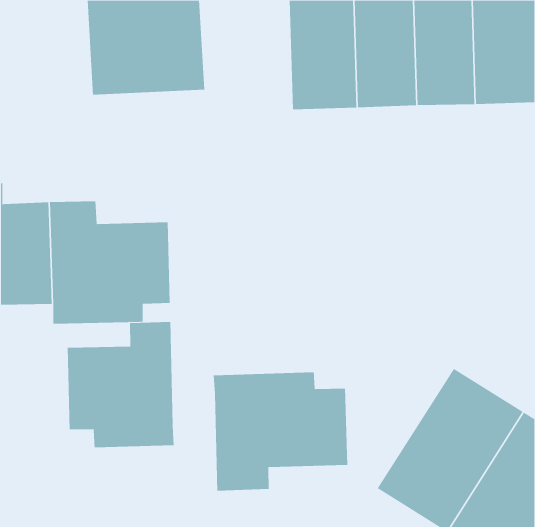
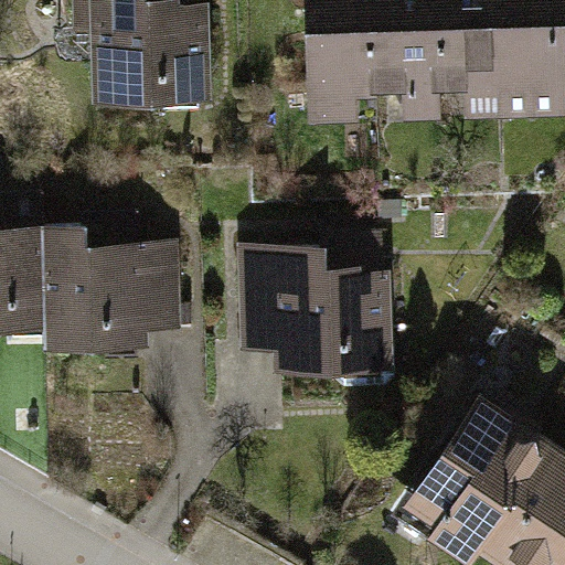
building: none -> [235,242,397,373]
building: [67,321,174,448] -> none
building: [213,372,348,491] -> none

